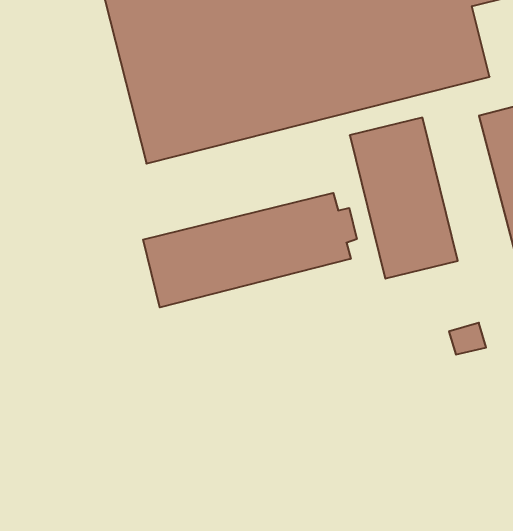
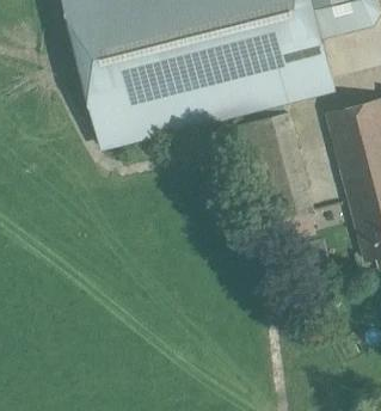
building: [143,193,357,307] -> none

